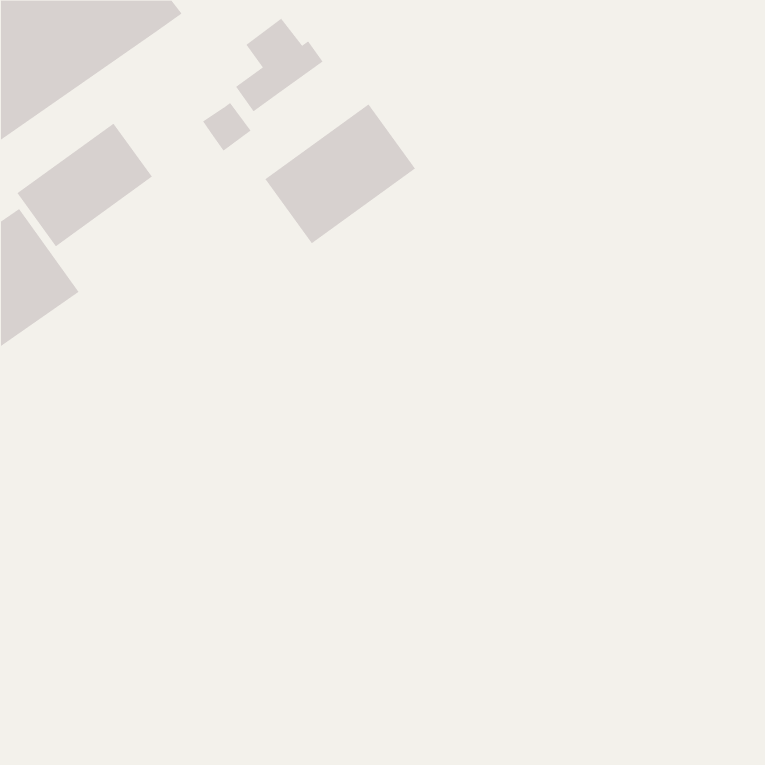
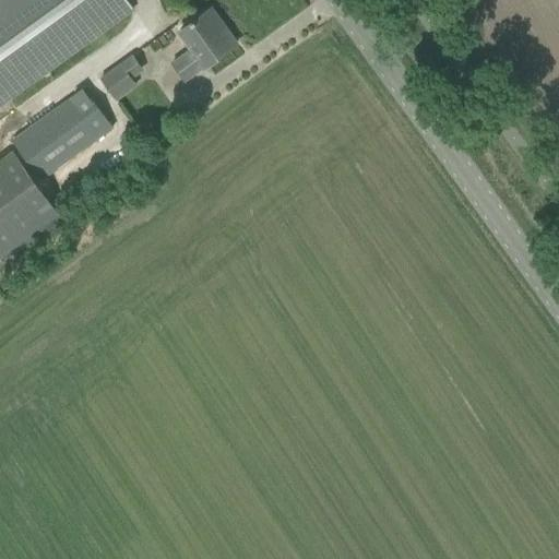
building: [202,102,252,152] -> [100,64,136,100]
building: [264,103,416,244] -> none

